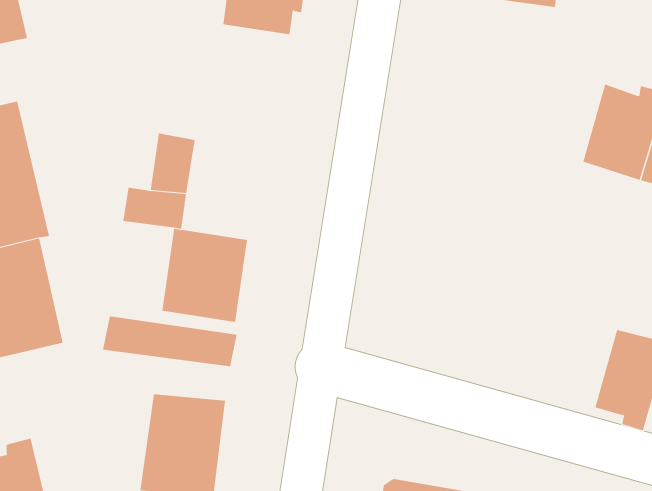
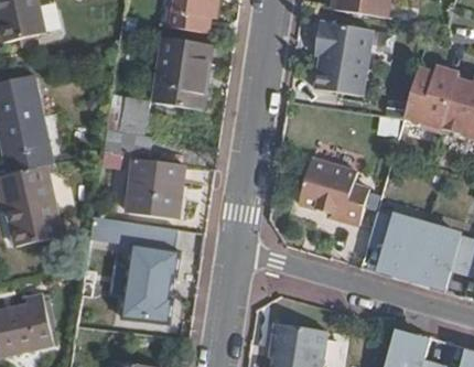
building: none -> [314,20,371,94]
building: none -> [155,37,211,110]
building: none -> [300,156,367,223]
building: none -> [367,209,425,276]

